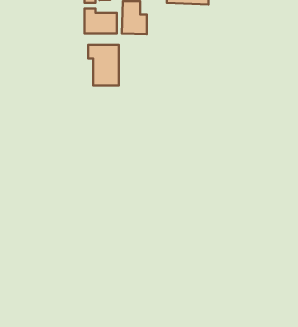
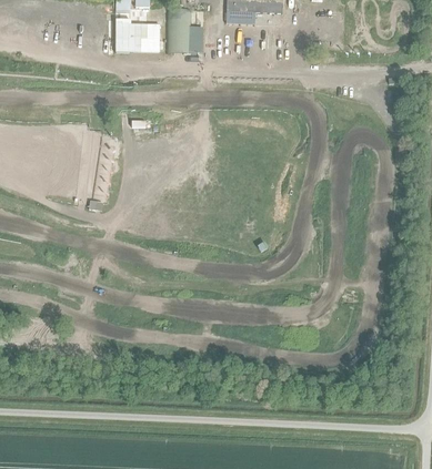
building: [88,45,119,85] -> none

